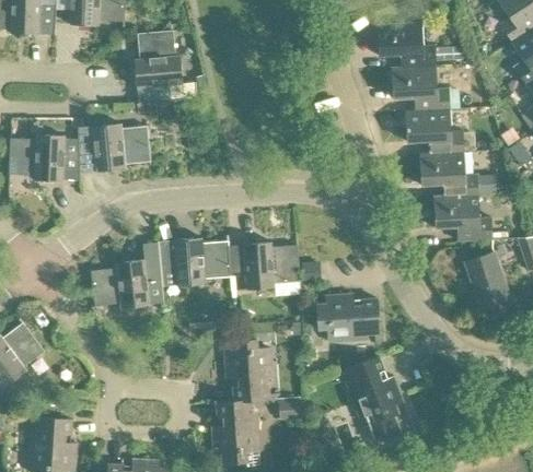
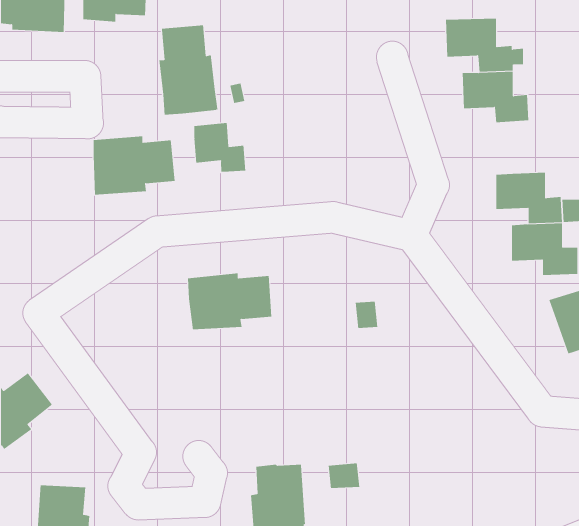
building: [407,109,464,154] -> none
building: none -> [194,122,246,173]
building: [11,134,67,180] -> none
building: [244,241,301,290] -> none
building: [92,259,165,307] -> none
building: [318,294,381,344] -> none
building: [227,339,275,401] -> none
building: [344,356,404,438] -> none

